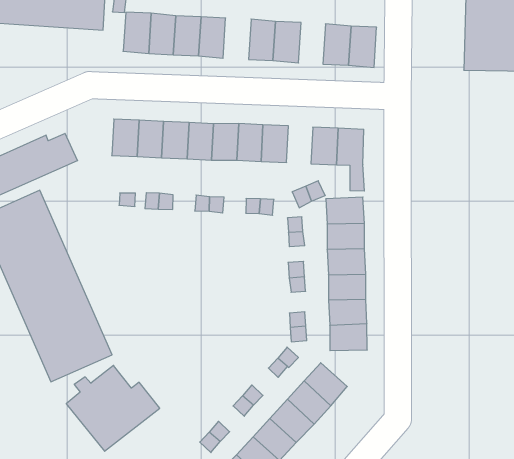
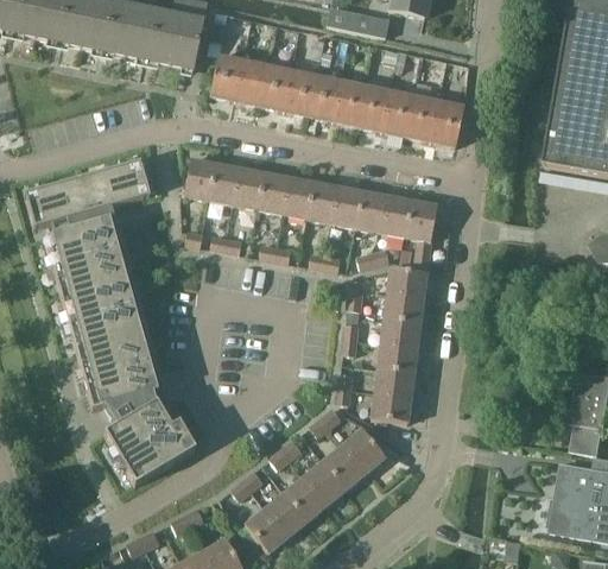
building: none -> [309,76,342,120]
building: none -> [382,91,414,135]
building: none -> [356,191,387,232]

